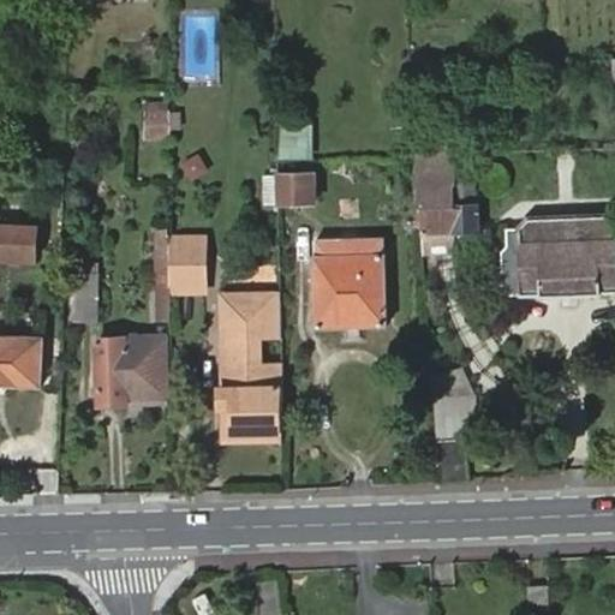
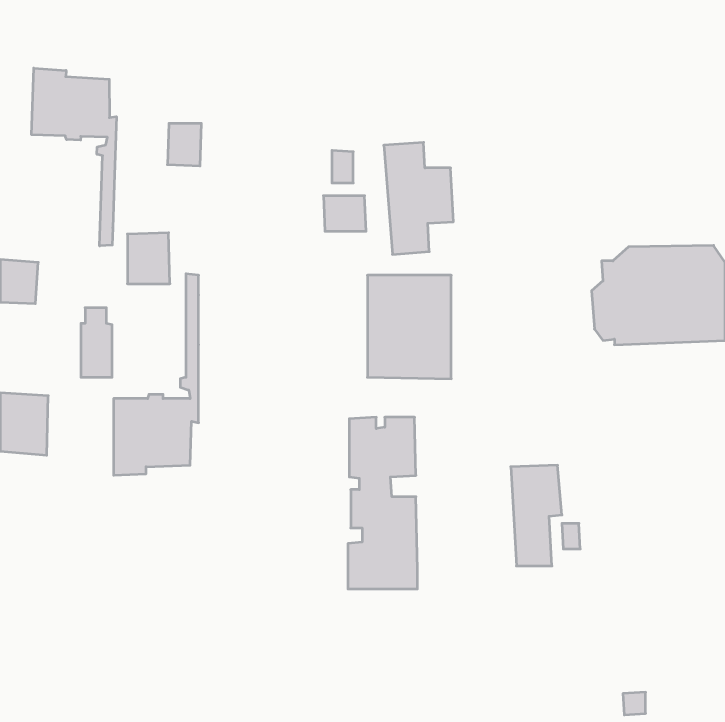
building: none -> [32,68,116,246]
building: [417,163,476,258] -> [384,142,453,254]
building: [168,251,204,294] -> [127,233,170,284]
building: [220,297,279,442] -> [348,417,417,589]

